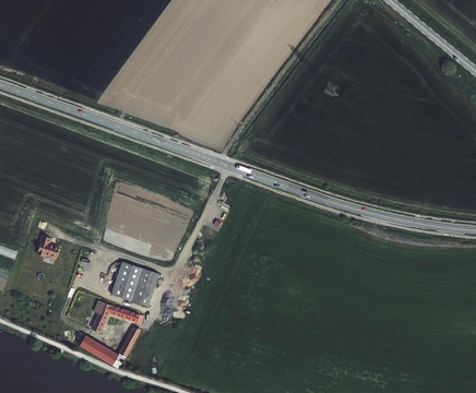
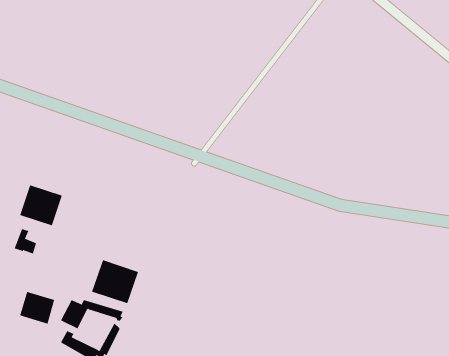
building: none -> [19,184,63,226]
building: none -> [20,291,55,324]

